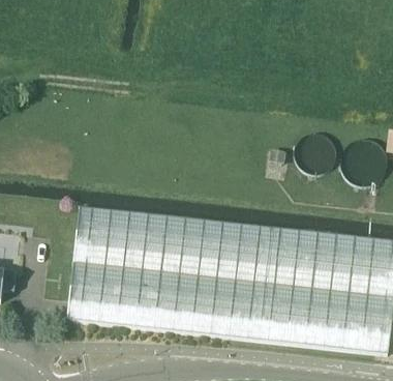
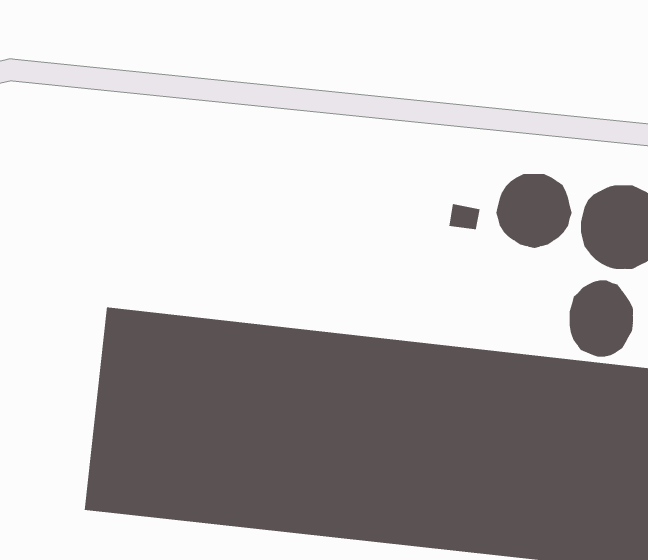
building: none -> [569,280,633,358]

